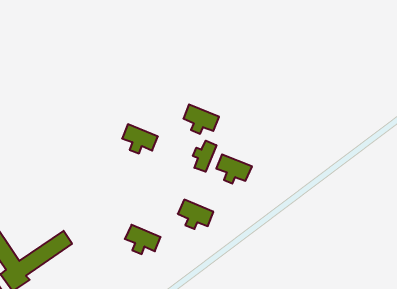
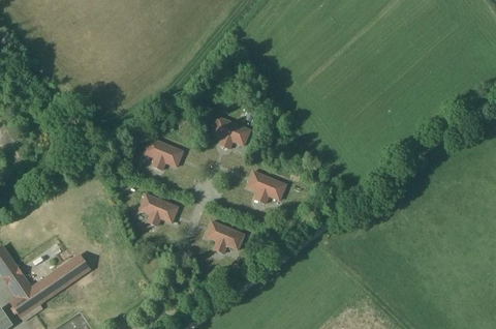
building: [193,141,216,172] -> none
building: [125,225,161,254] -> [138,193,178,226]

